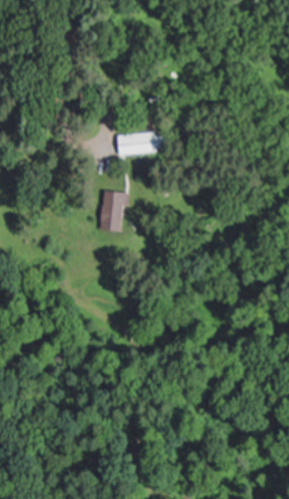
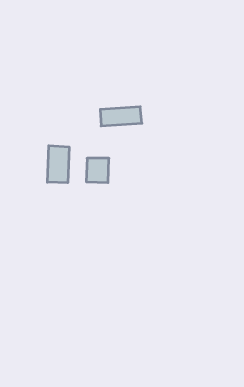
building: none -> [47,146,69,183]

